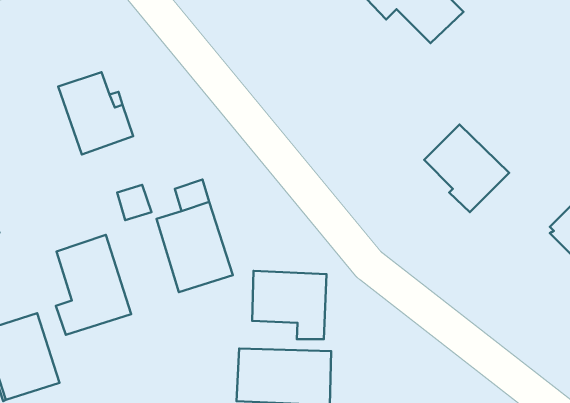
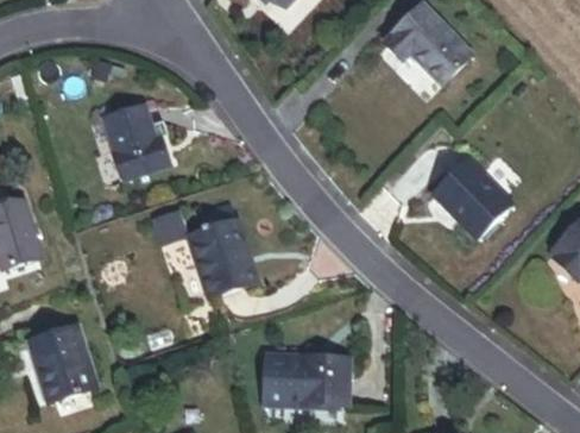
building: [56,235,131,335] -> none
building: [252,271,327,339] -> none

